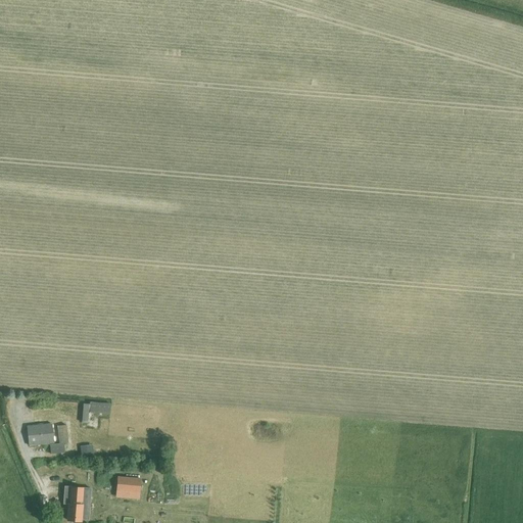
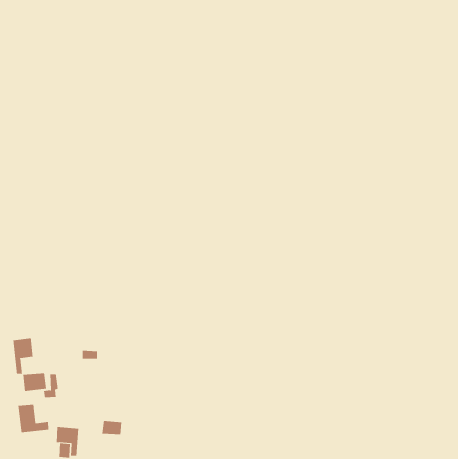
building: none -> [13,337,33,375]
building: none -> [18,404,49,433]

